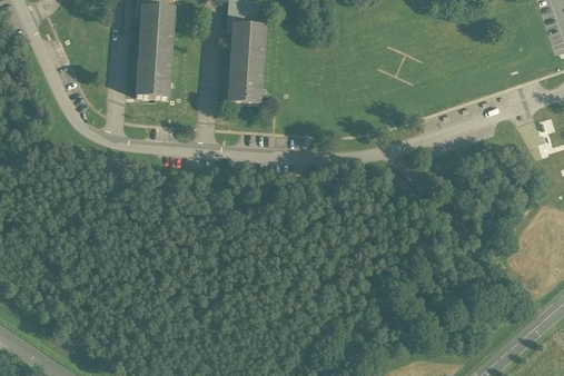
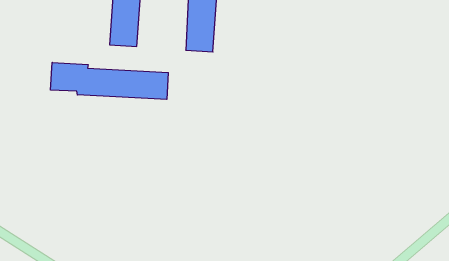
building: none -> [51,62,168,99]

